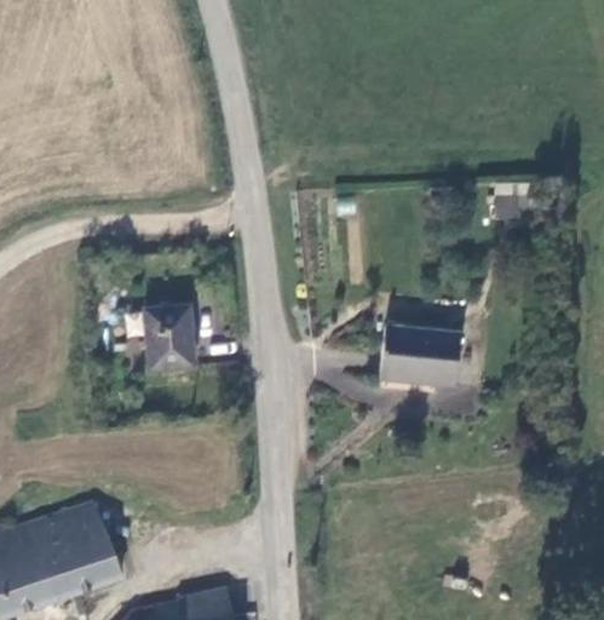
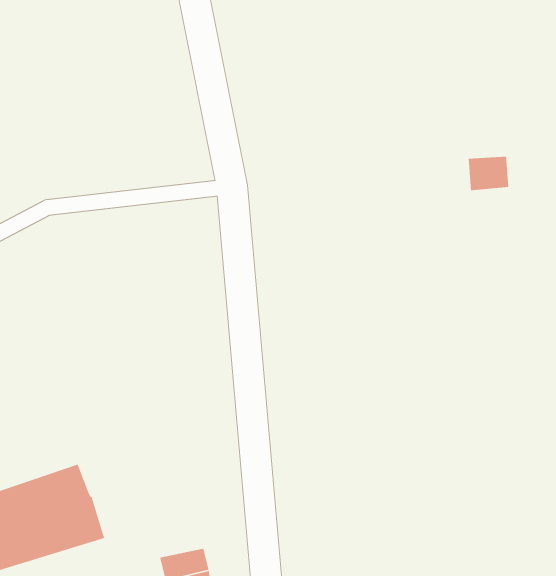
building: [132,305,183,371] -> none
building: [375,326,458,383] -> none

